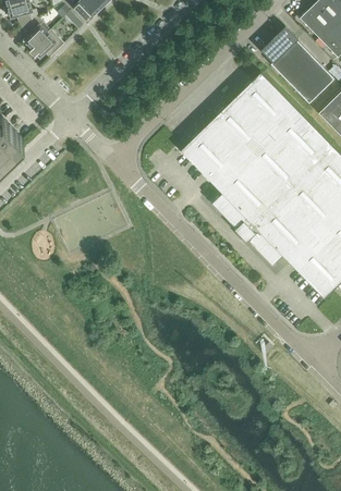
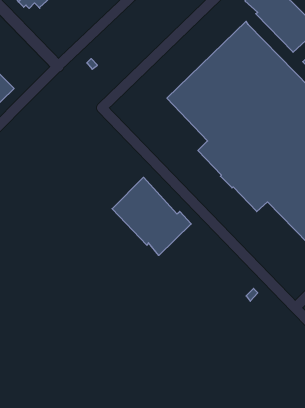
building: none -> [112,177,191,255]

